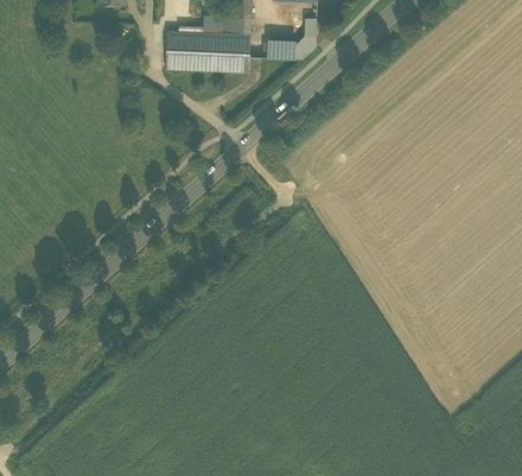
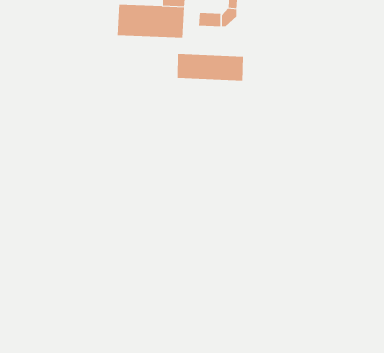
building: none -> [177,53,243,81]

